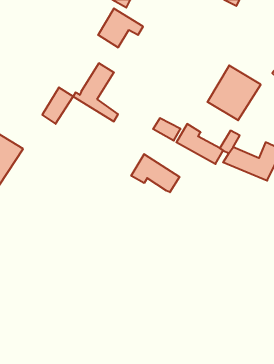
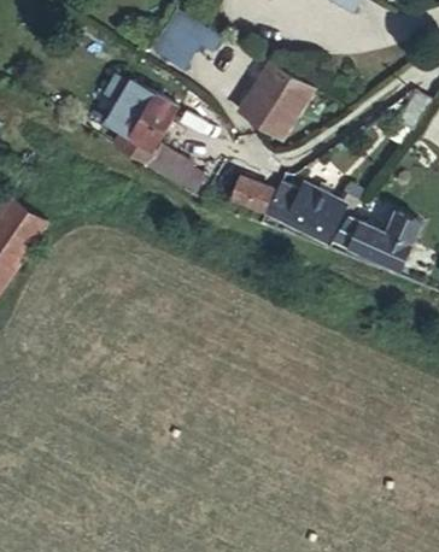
building: [207,65,261,120] -> [238,63,315,142]
building: [42,87,73,124] -> [112,82,157,135]
building: [131,154,179,192] -> none

